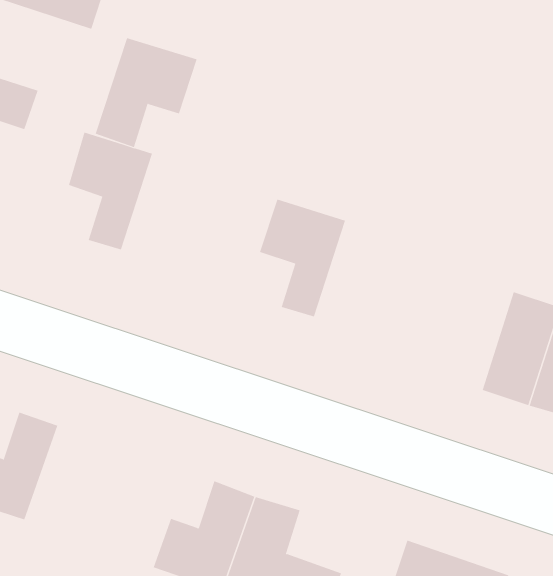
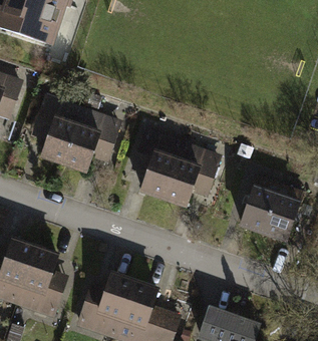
building: [95,37,197,148] -> [64,110,116,166]
building: none -> [163,144,215,201]
building: none -> [15,249,62,311]

